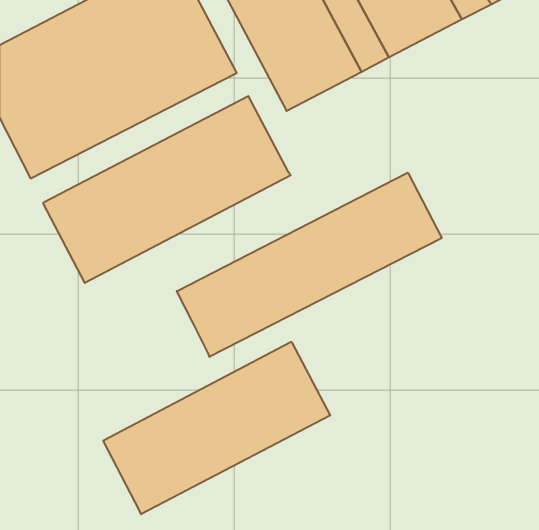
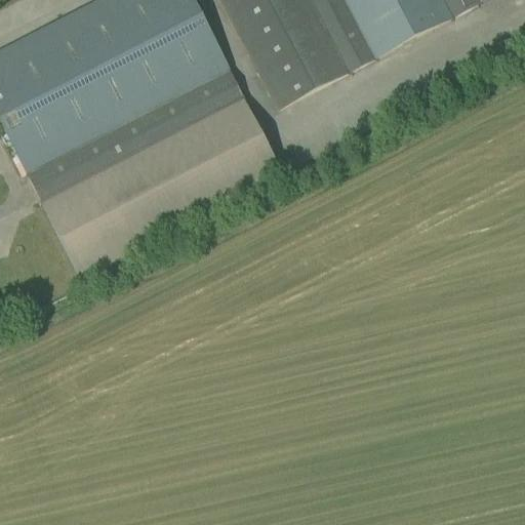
building: none -> [30,71,241,197]
building: [177,173,442,357] -> none
building: [103,342,330,514] -> none

